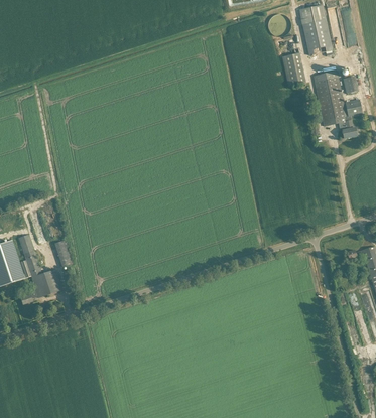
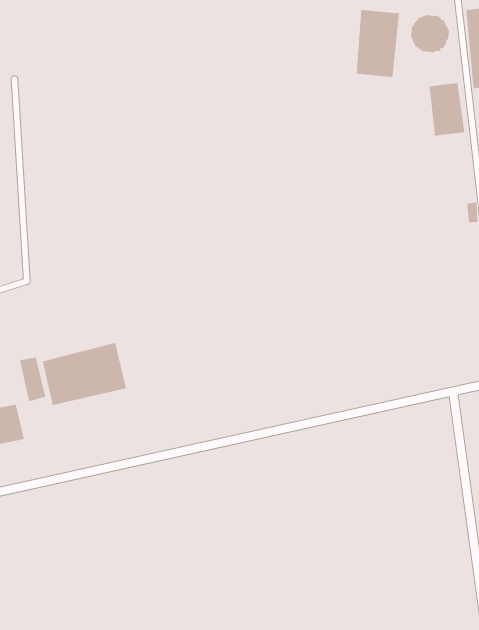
building: none -> [356,9,399,78]
building: none -> [42,342,127,406]

